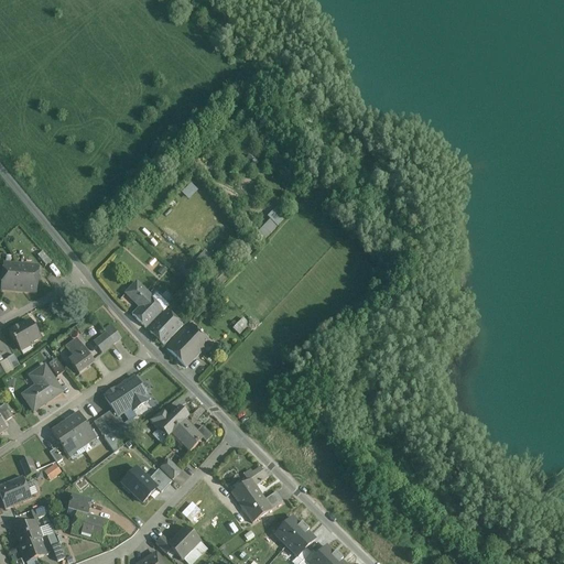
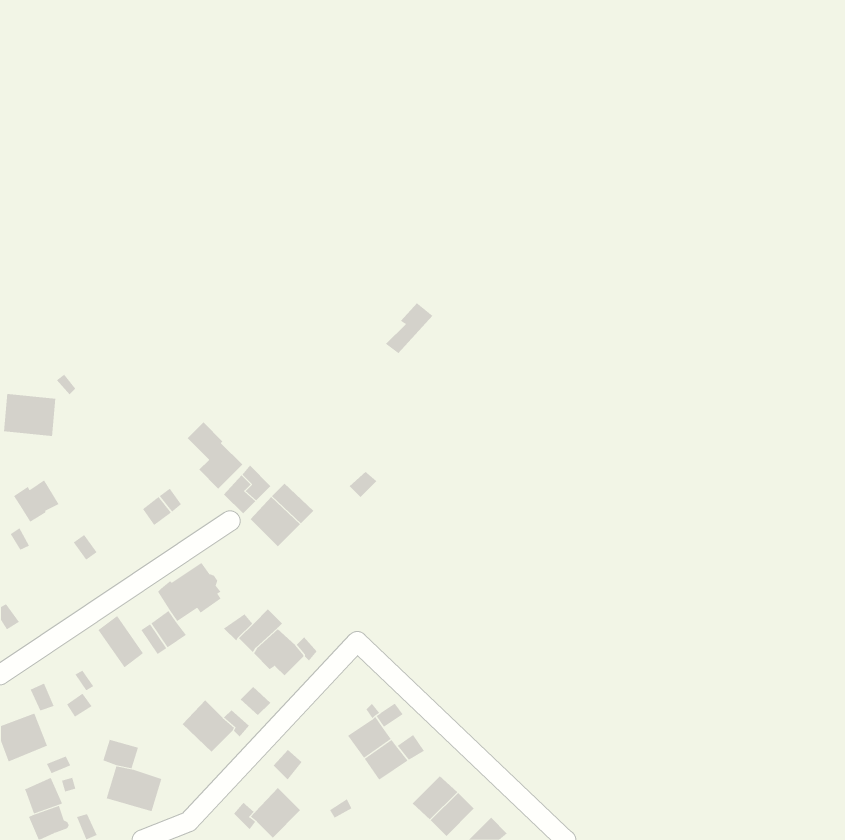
building: [66,337,95,372] -> none
building: [22,364,62,409] -> none
building: [52,420,83,454] -> none

